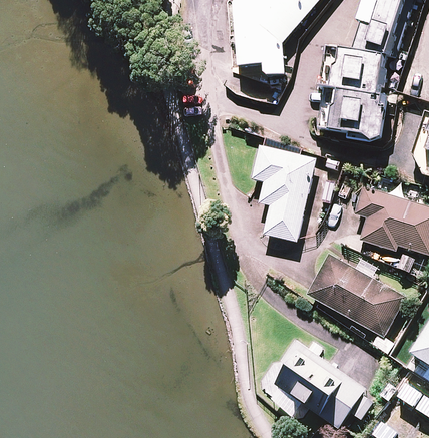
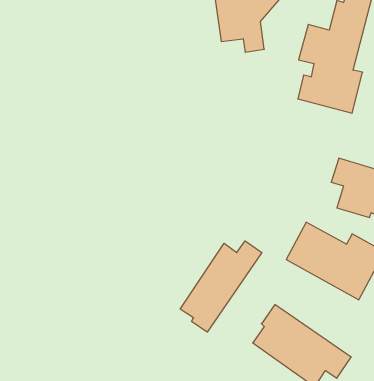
building: [252,146,315,241] -> none
building: none -> [180,241,262,332]

